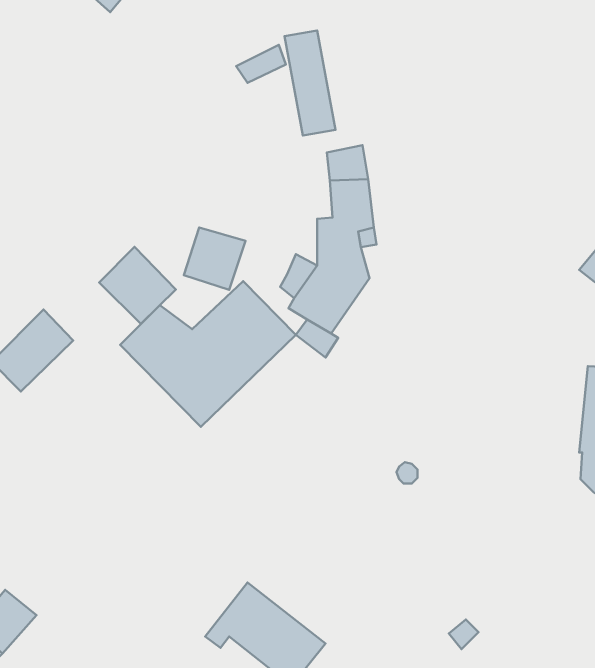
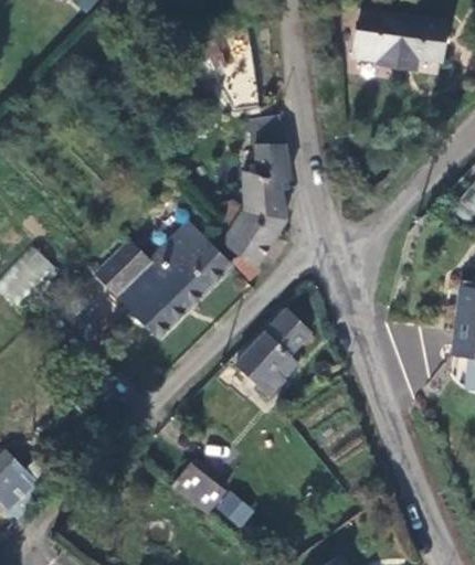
building: none -> [353,13,447,68]
building: [184,227,246,290] -> none
building: [99,247,176,324] -> none
building: none -> [234,311,309,397]

